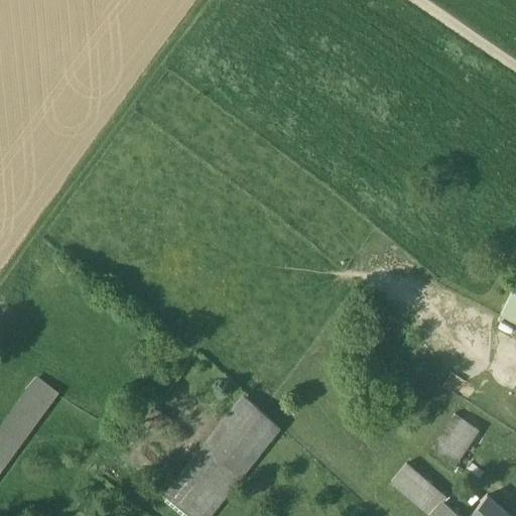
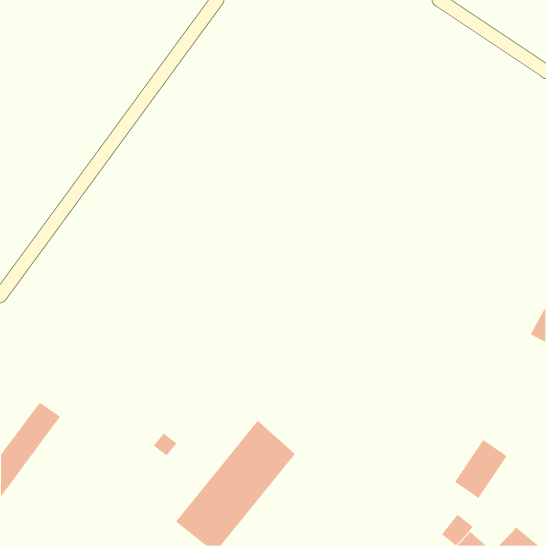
building: [391,464,431,504] -> none

